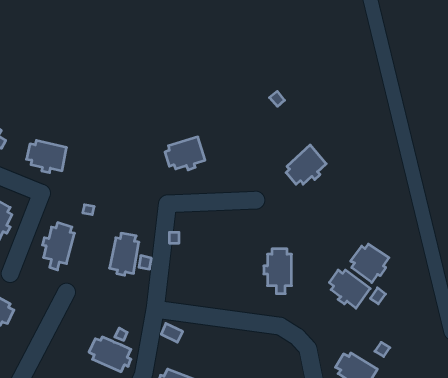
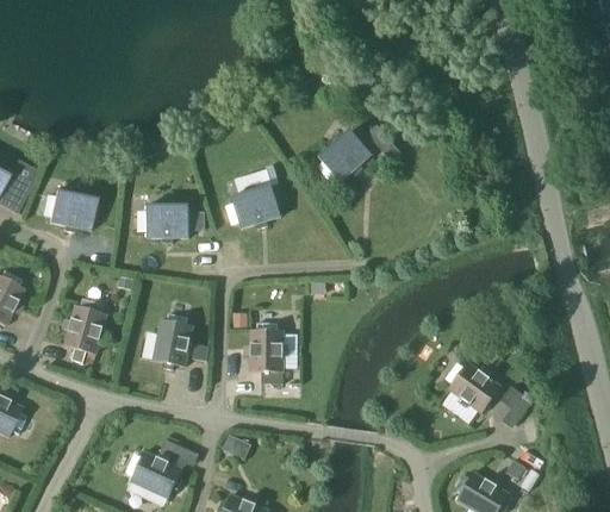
building: [286,145,326,184] -> [317,129,371,181]
building: none -> [139,205,188,242]
building: [351,244,389,283] -> none
building: [264,249,292,294] -> [245,323,282,382]

